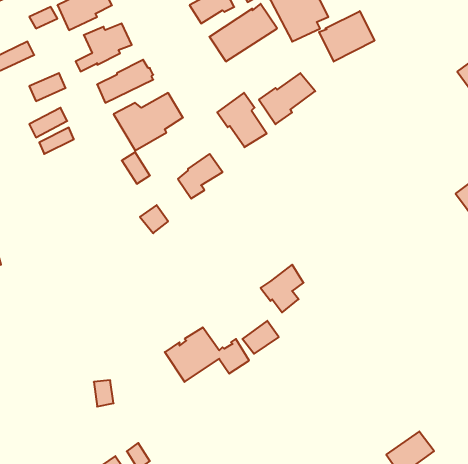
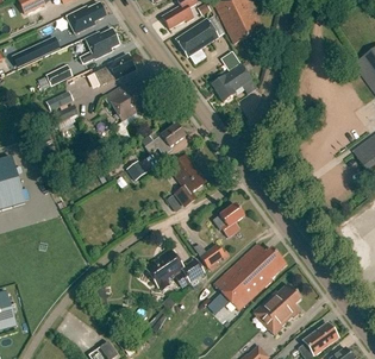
building: [319,11,374,62] -> none
building: [217,93,267,147] -> none
building: none -> [169,155,204,204]
building: none -> [212,241,285,310]
building: none -> [252,283,301,334]

